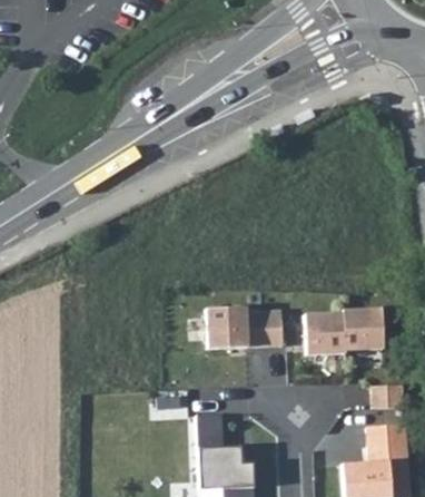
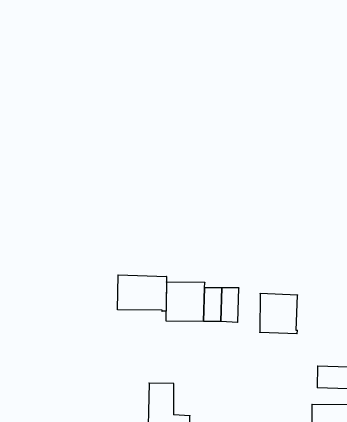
building: none -> [118,275,166,311]
building: [344,309,385,350] -> none

